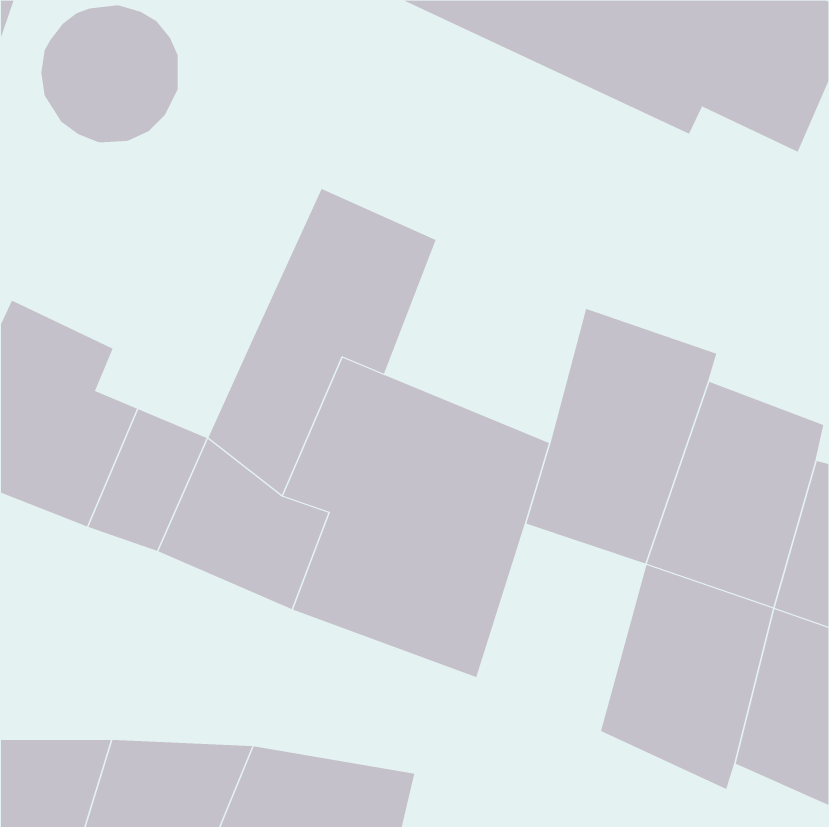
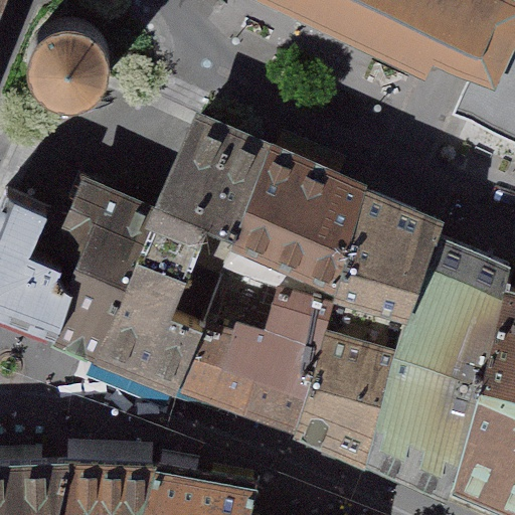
building: none -> [238,150,363,276]
building: none -> [59,183,156,273]
building: none -> [296,326,400,455]

